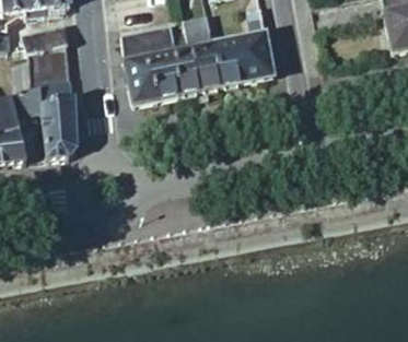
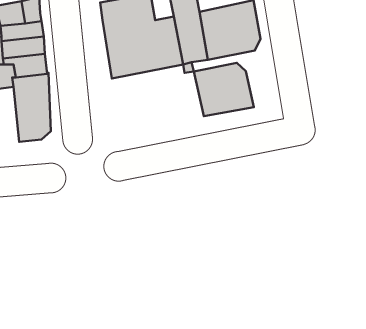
building: none -> [194,63,254,116]

